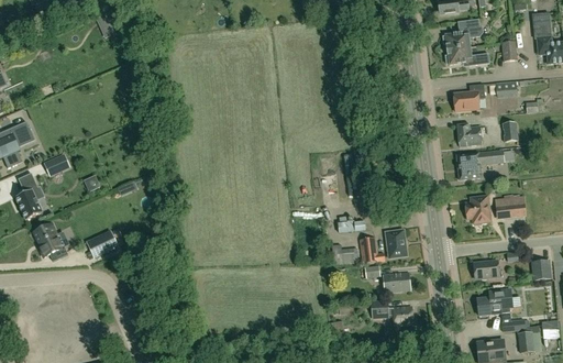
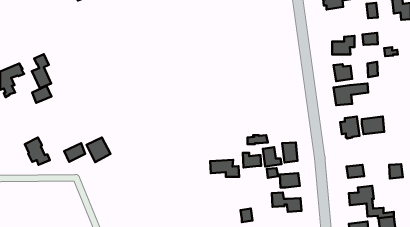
building: [445,45,489,65] -> none
building: [15,173,42,219] -> [32,54,51,88]
building: none -> [87,137,111,162]
building: none -> [210,160,239,177]

